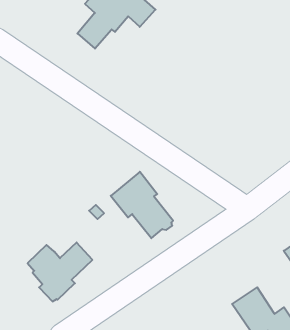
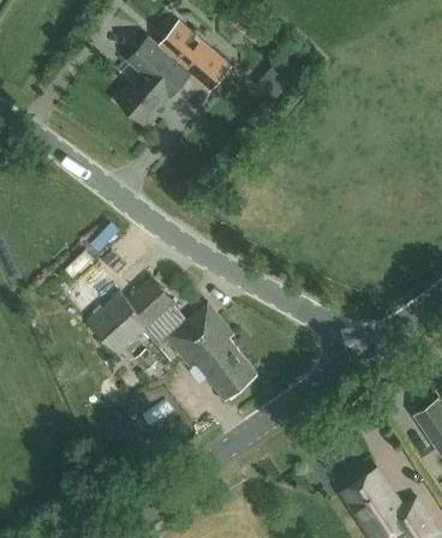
building: [28,242,92,301] -> [80,280,174,365]

